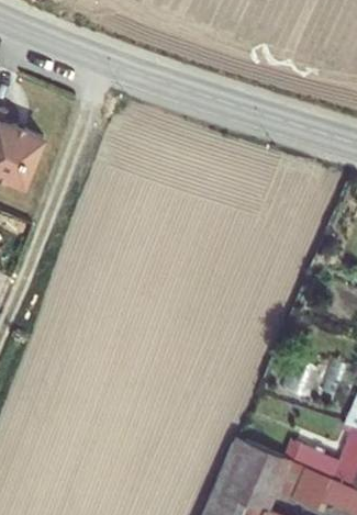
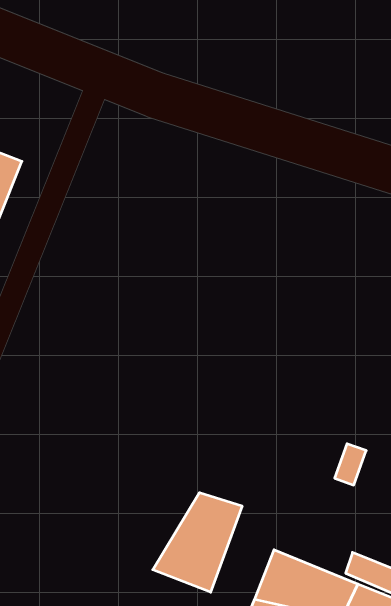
building: none -> [153,493,242,592]

